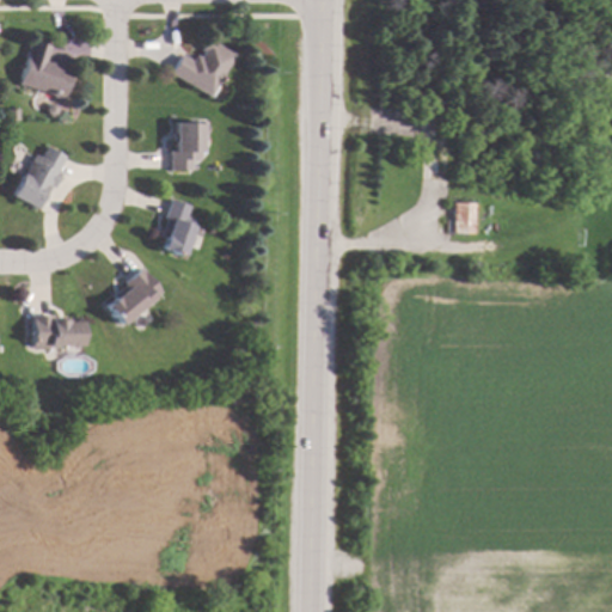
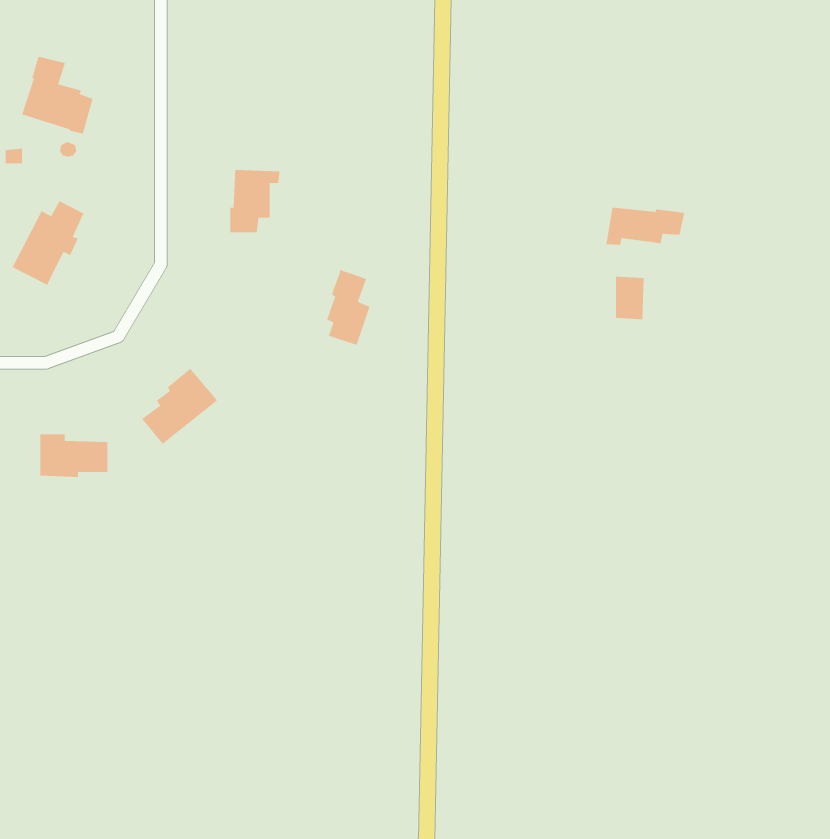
building: [173,38,238,96] -> none
building: none -> [606,207,685,246]
building: [164,198,196,255] -> [326,269,370,346]

